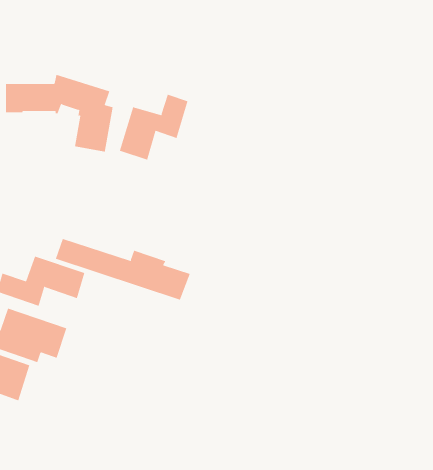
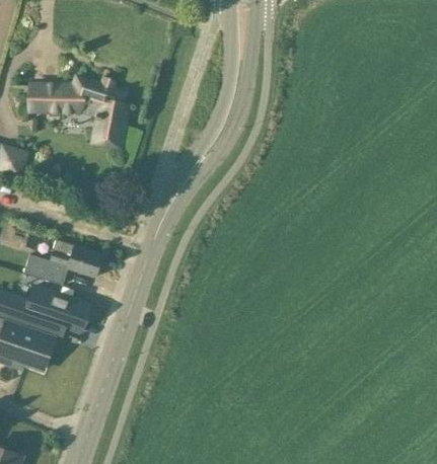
building: [119,94,188,161] -> none
building: [55,238,191,301] -> none

